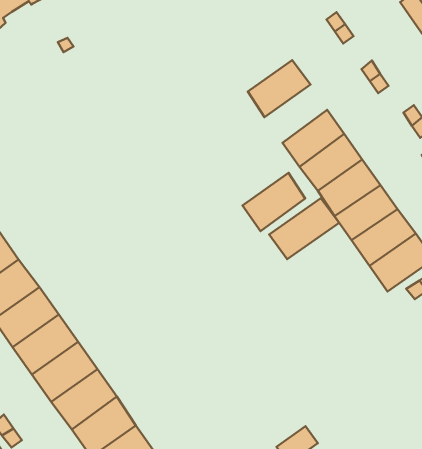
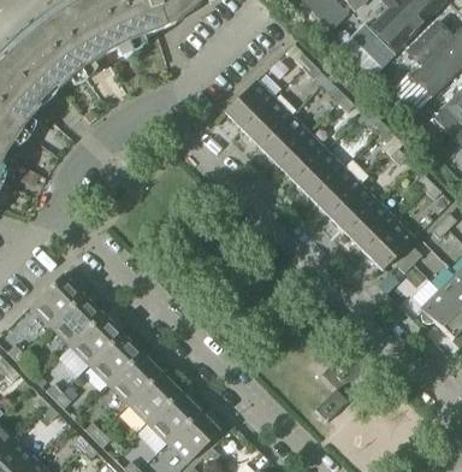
building: none -> [225,78,274,128]
building: [242,173,305,231] -> [260,113,309,164]
building: [269,198,339,259] -> none

